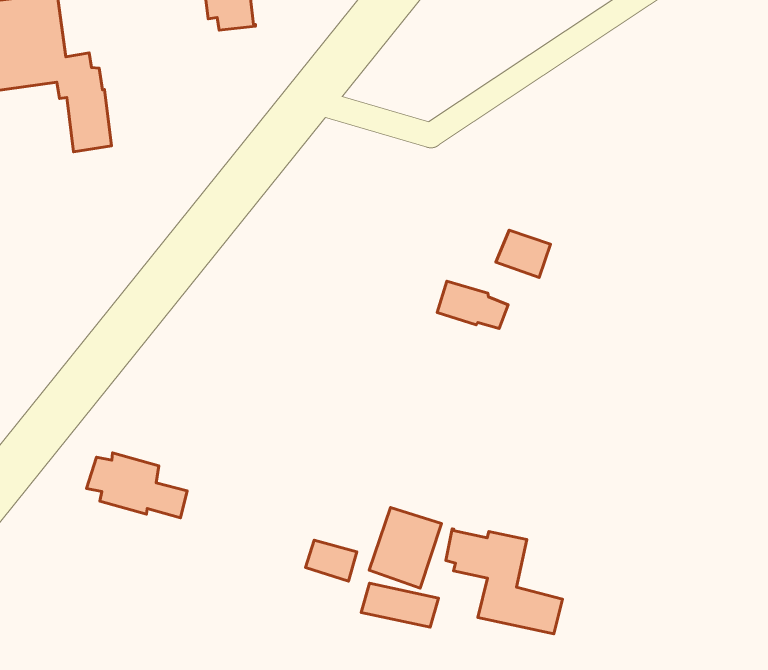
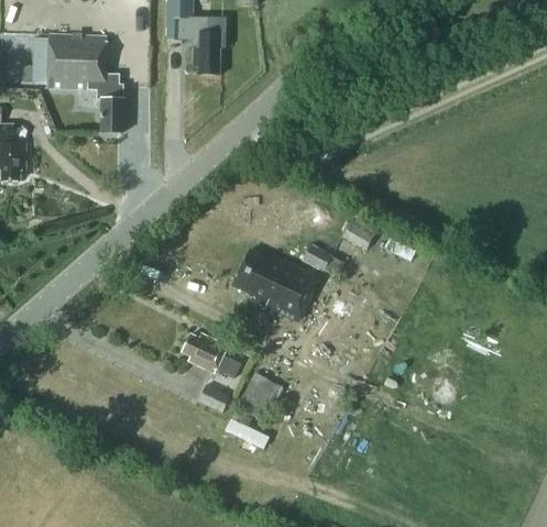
building: none -> [231,249,318,321]
building: [87,453,187,518] -> [180,332,240,377]
building: [446,529,563,634] -> none

